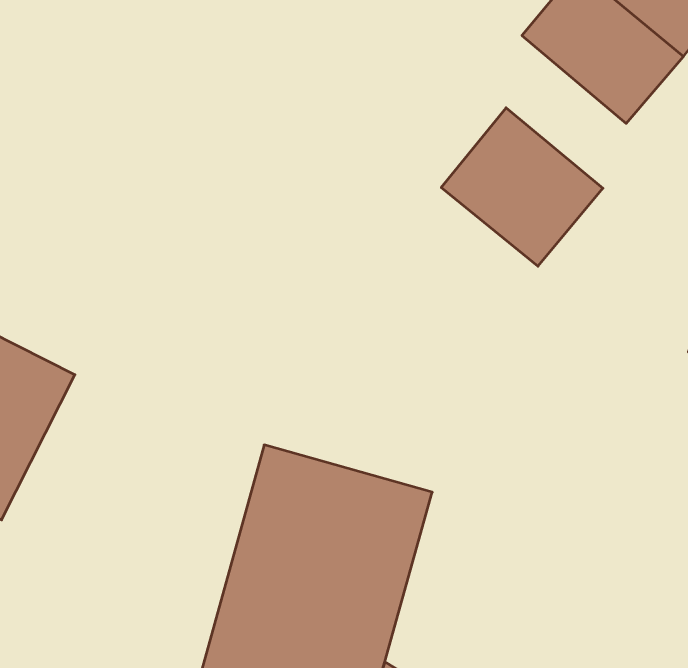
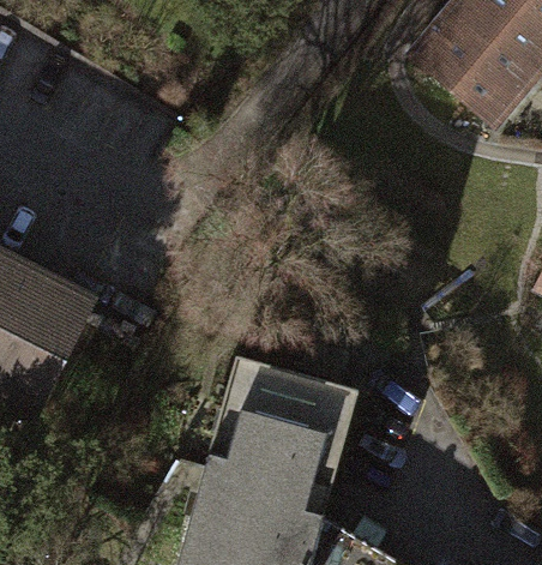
building: [441,108,603,266] -> none

